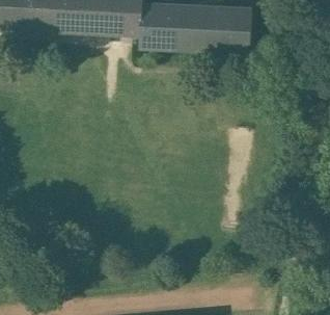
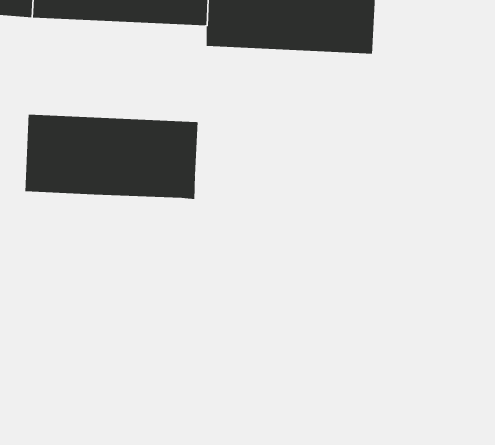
building: none -> [25,114,198,200]

